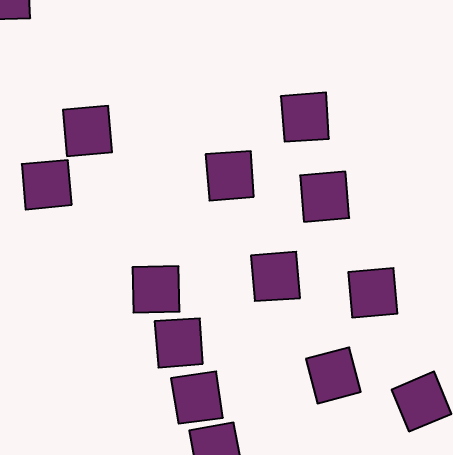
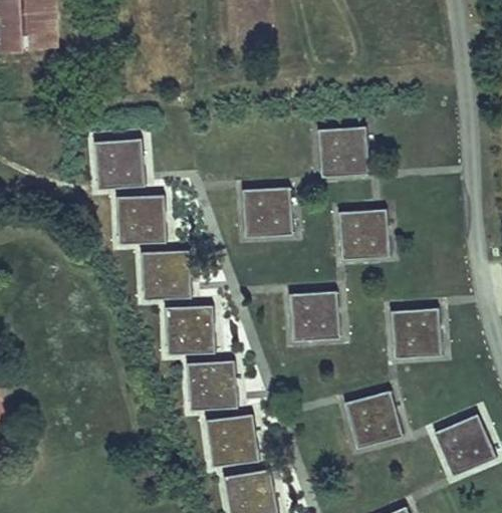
building: [22,160,72,210] -> [113,195,166,246]
building: none -> [142,249,190,297]

